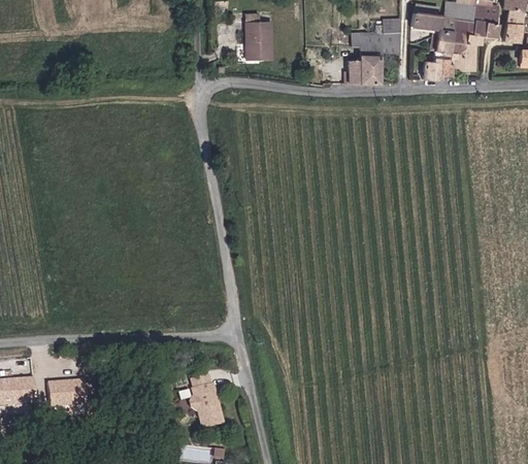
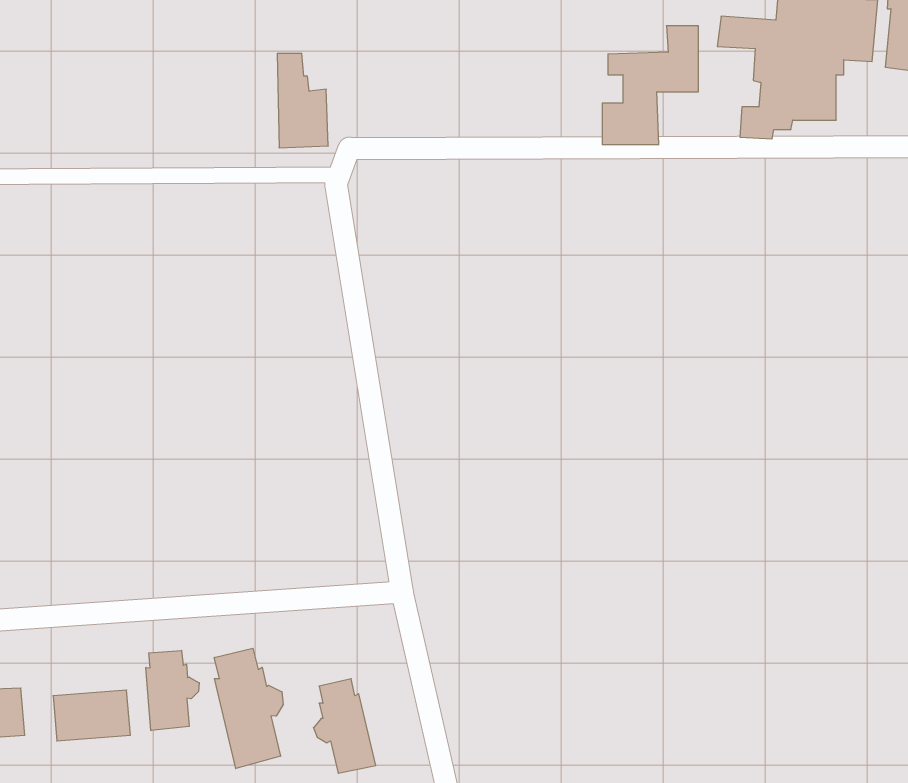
building: [244,8,272,60] -> [277,53,328,148]
building: none -> [214,648,283,769]
building: none -> [146,650,199,731]

